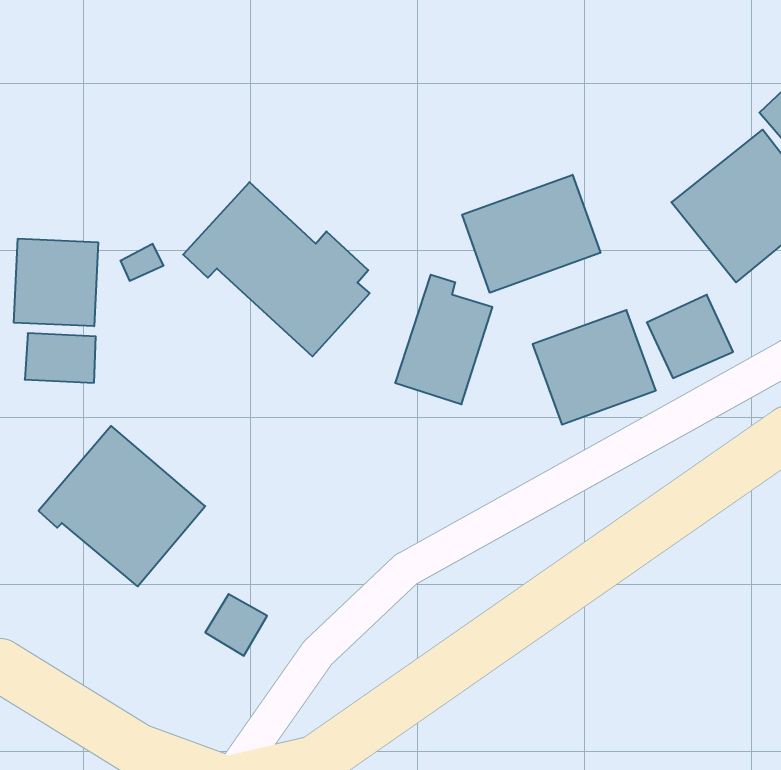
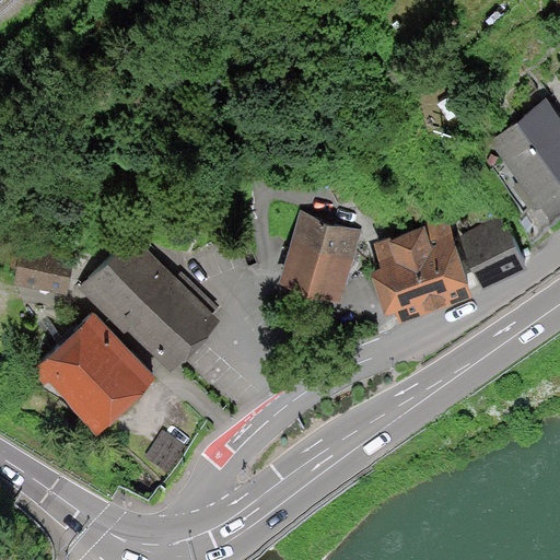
building: [462,175,600,293] -> none
building: [183,182,370,356] -> [83,240,215,363]
building: [14,239,98,326] -> none

